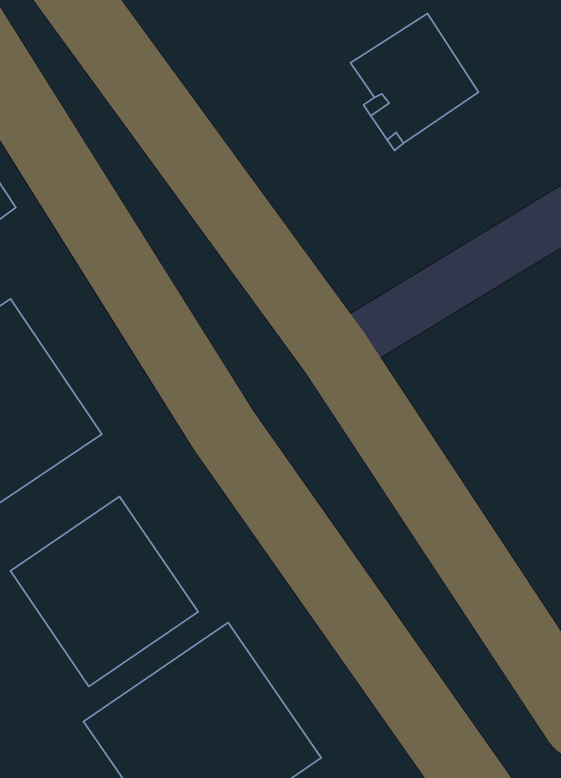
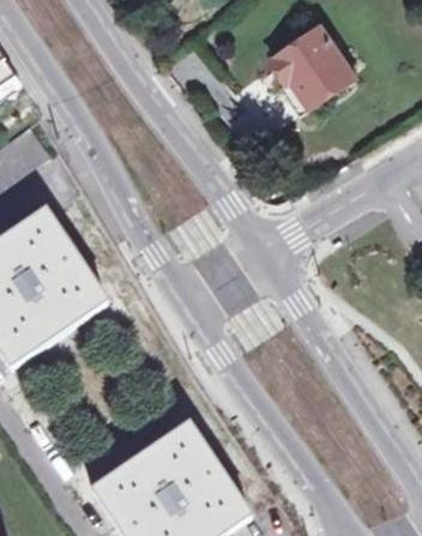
building: [10,496,198,687] -> none

